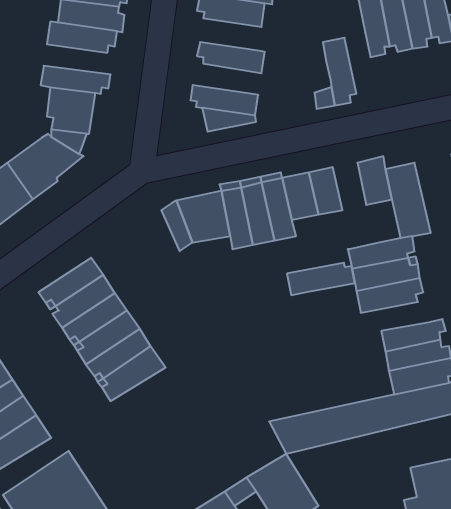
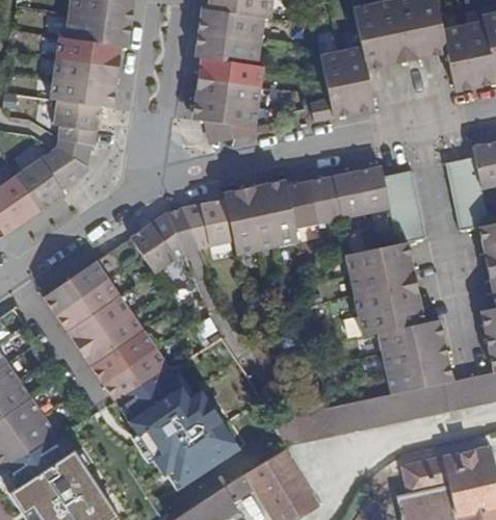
building: none -> [194,32,261,63]
building: none -> [341,46,374,110]
building: none -> [51,57,118,86]
building: none -> [194,76,261,106]
building: none -> [330,172,362,217]
building: none -> [130,217,182,275]
building: [287,263,355,295] -> [357,306,422,337]
building: none -> [121,372,239,488]

